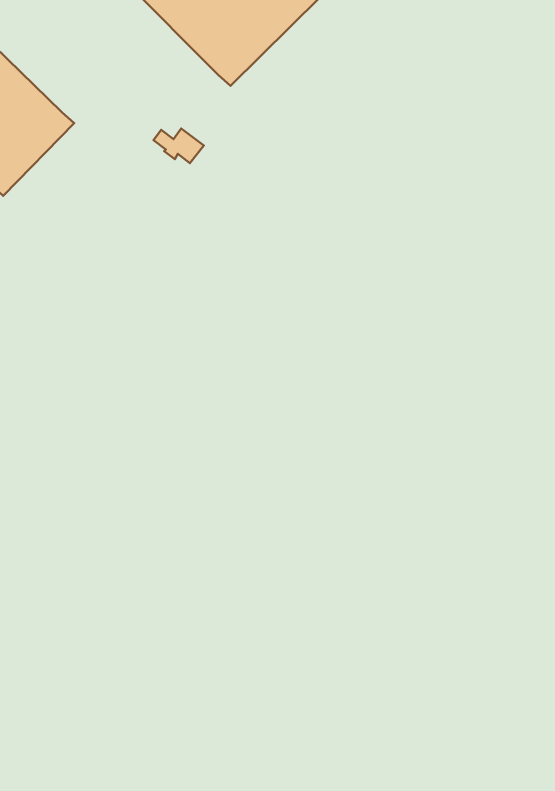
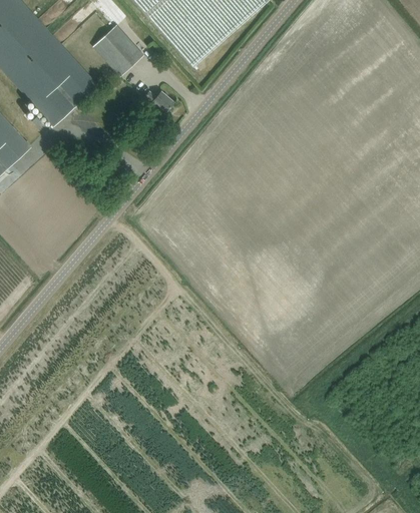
building: none -> [91,22,141,73]

